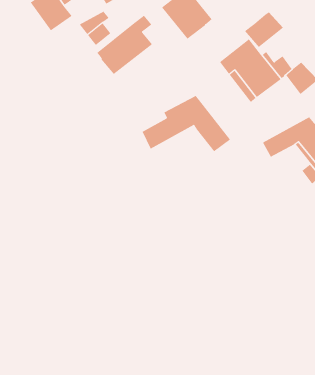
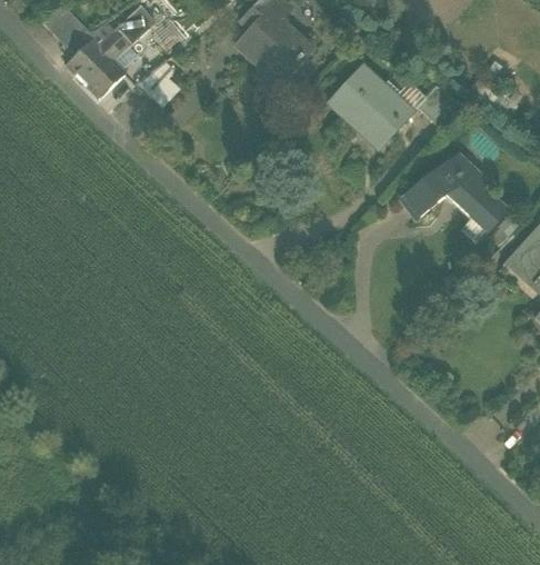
building: [244,11,284,48] -> none
building: [96,15,153,75] -> none
building: [142,95,231,152] -> none

